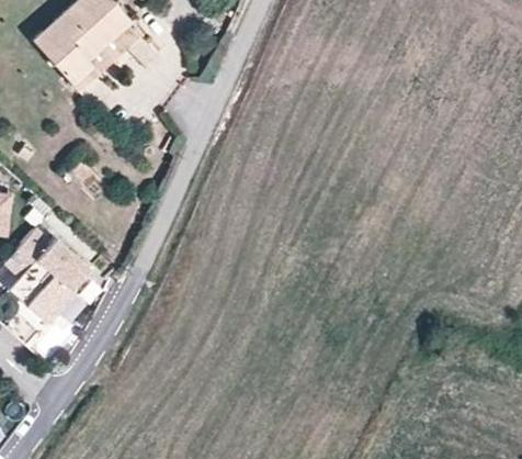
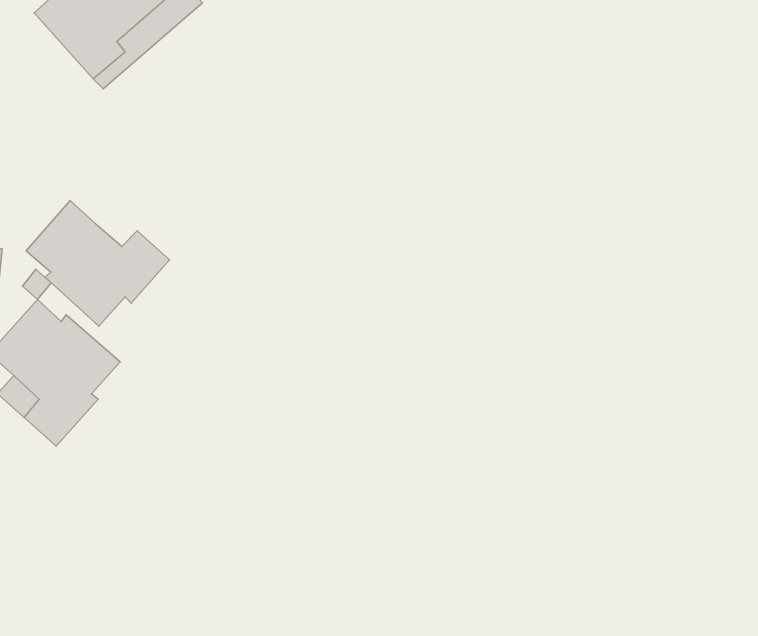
building: none -> [26,201,170,326]

